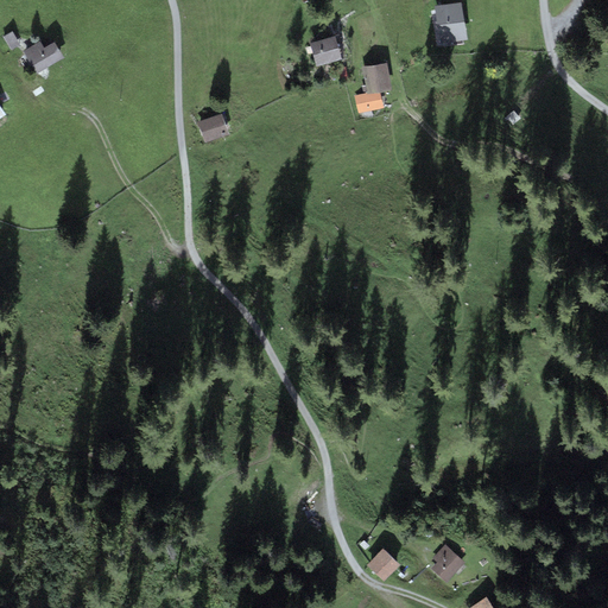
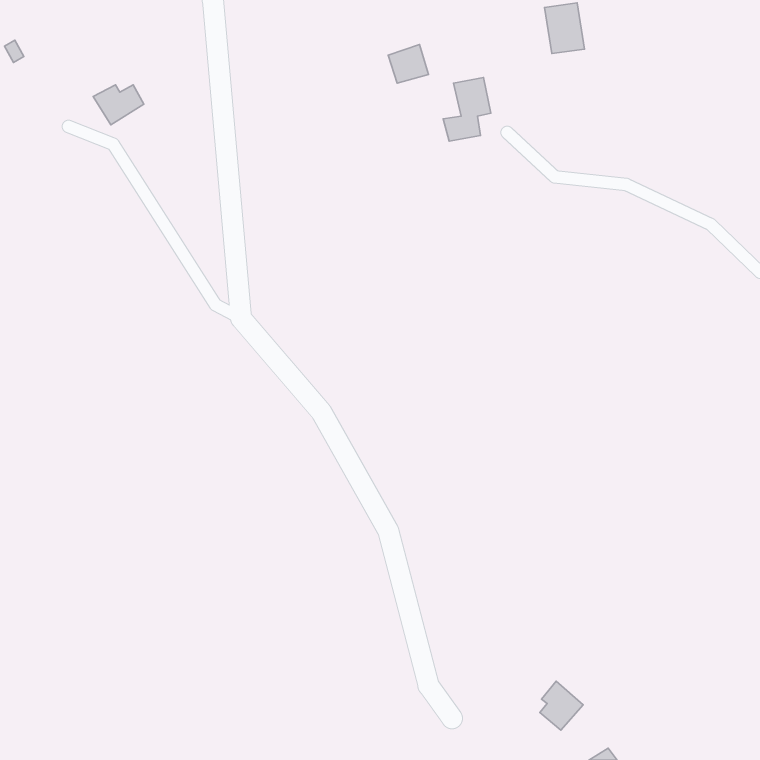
building: [23,42,63,74] -> [93,85,144,125]
building: [198,114,229,142] -> none
building: [367,549,400,582] -> none

